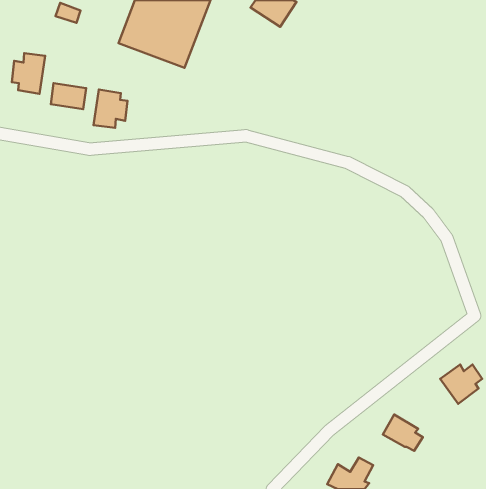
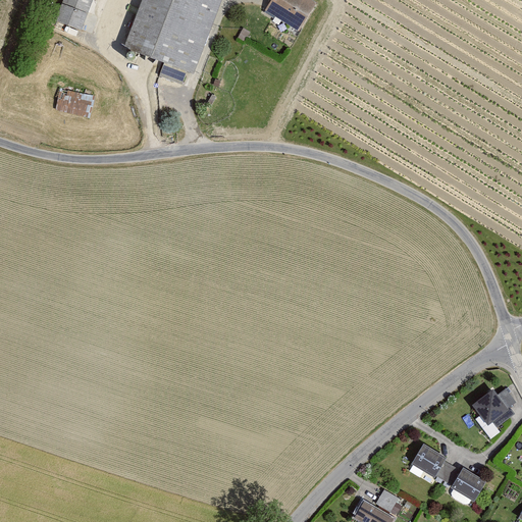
building: [12,53,45,94] -> none
building: [94,89,127,128] -> none
building: none -> [441,466,483,501]

